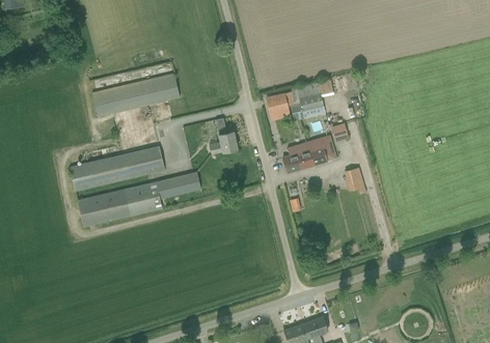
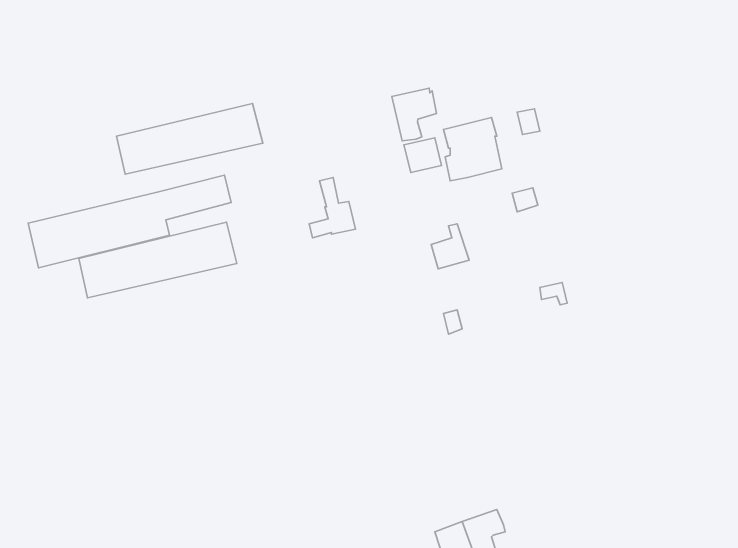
building: none -> [392,88,437,141]
building: [298,136,335,167] -> none
building: [78,171,200,227] -> [28,175,231,268]

